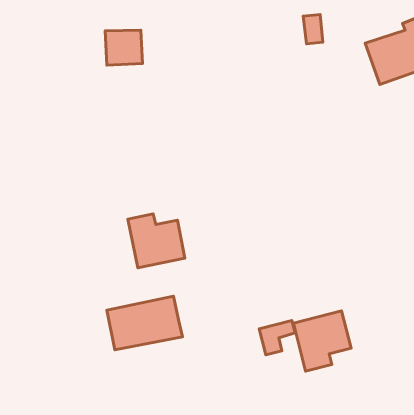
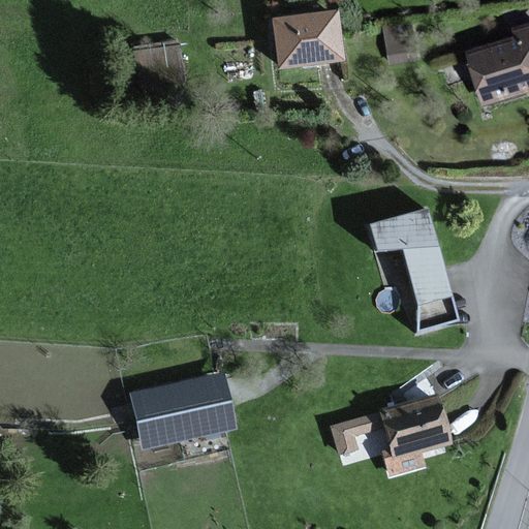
building: none -> [279,11,345,64]
building: none -> [367,210,455,332]
building: [128,214,185,268] -> none

